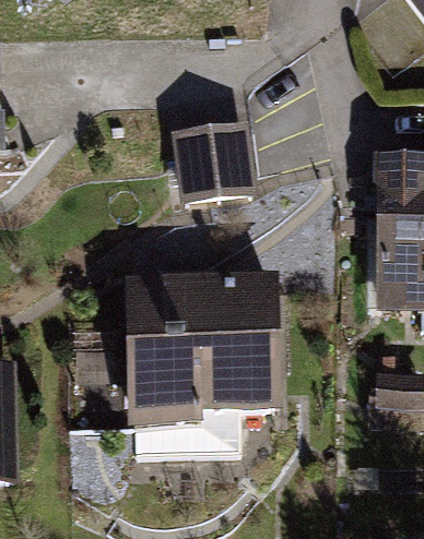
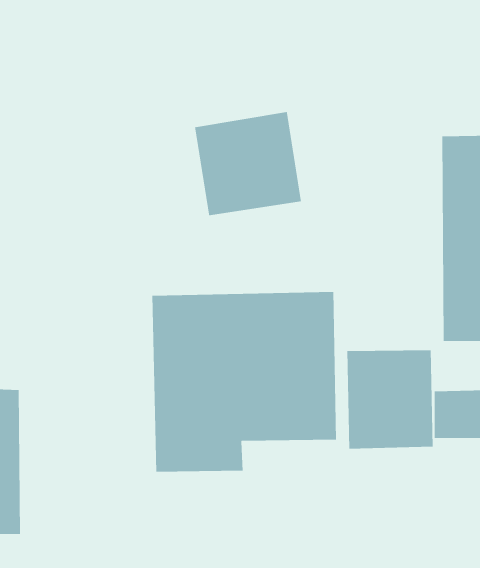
building: none -> [347,350,433,449]

